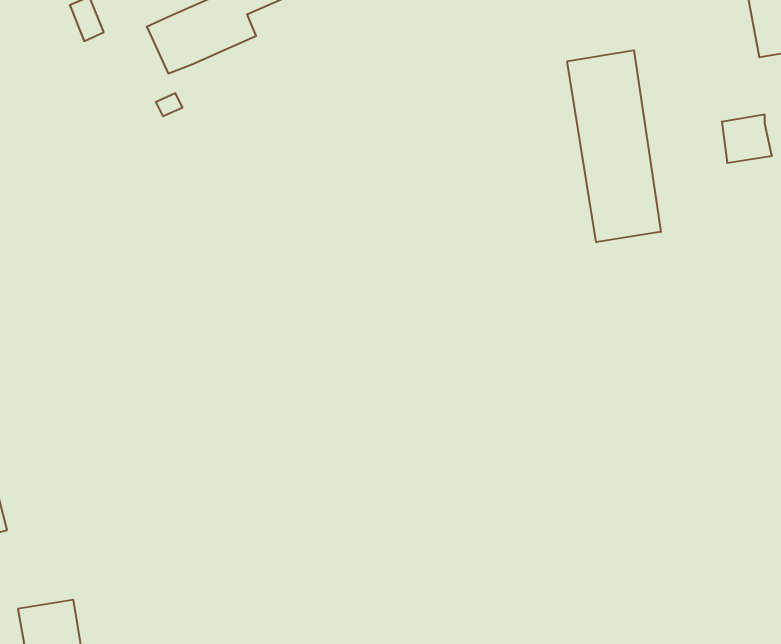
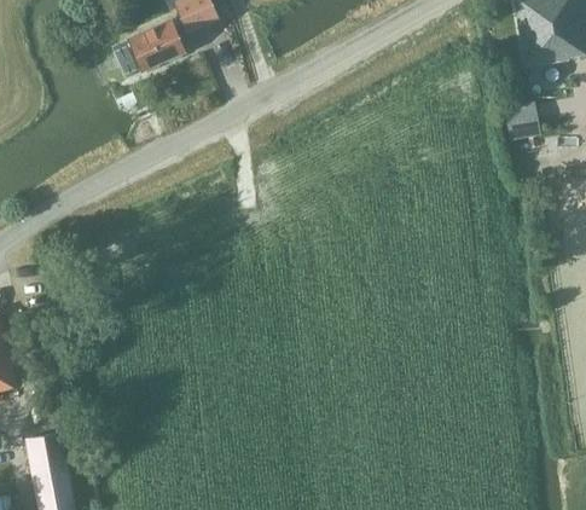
building: [567,50,661,242] -> none

